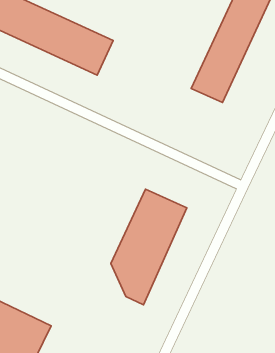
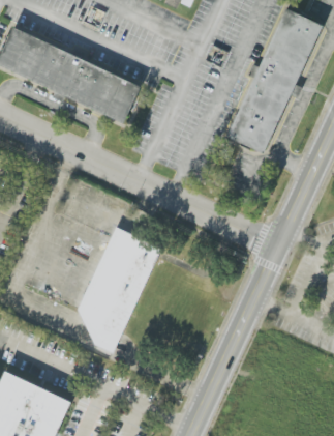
building: [111,189,187,305] -> [78,227,161,354]

